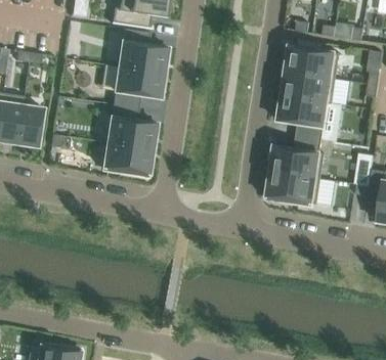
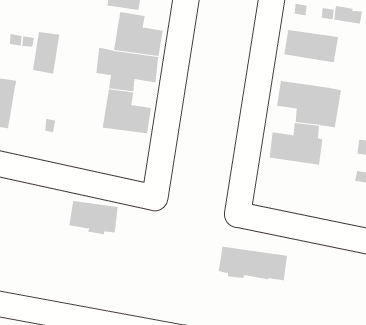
building: [284,71,337,103] -> none
building: [17,105,45,147] -> [32,31,60,74]
building: [104,142,154,176] -> [68,200,118,235]
building: [268,172,337,206] -> [218,246,288,281]

